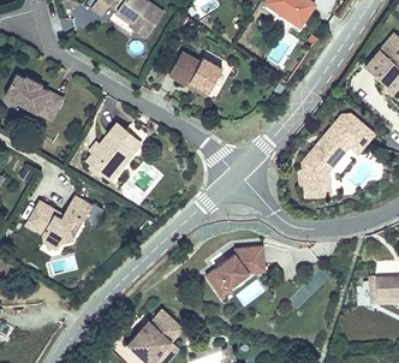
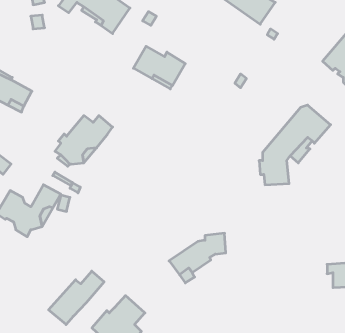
building: none -> [49,271,104,325]

